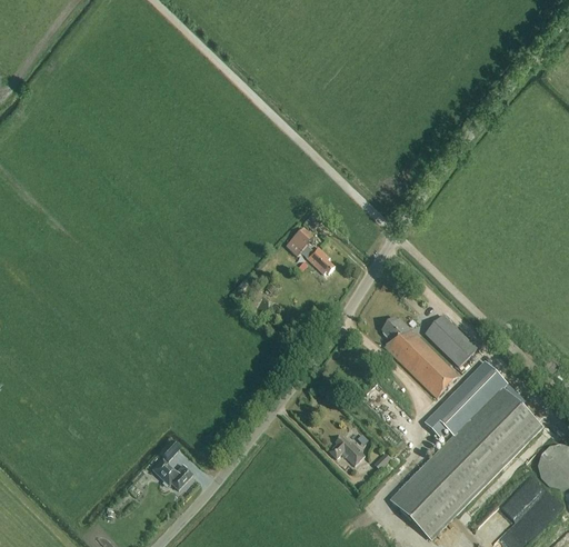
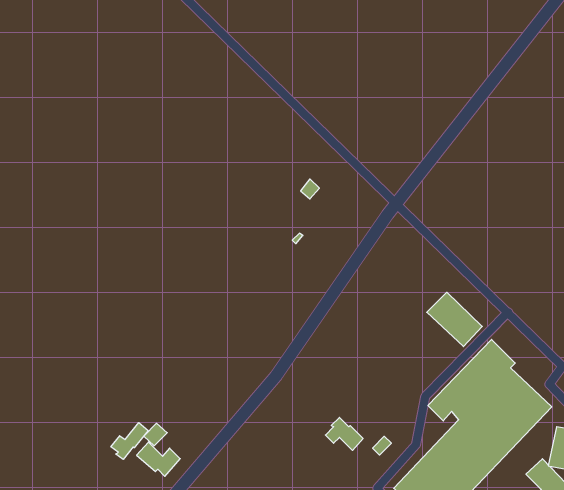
building: [284,229,333,274] -> none
building: [381,318,458,397] -> none
building: none -> [111,423,148,459]

